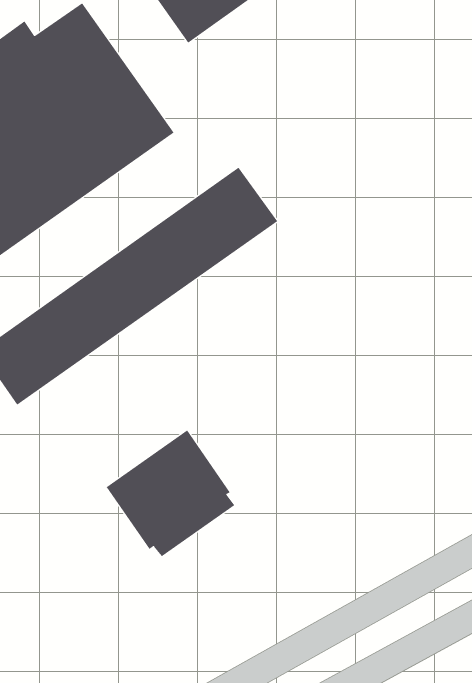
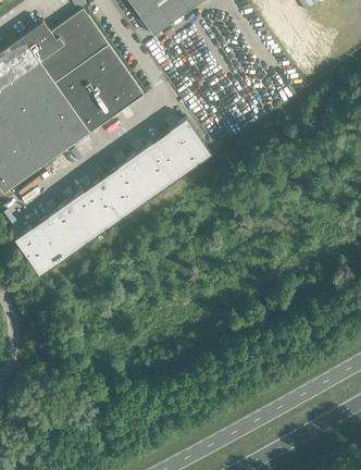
building: [106,430,235,564] -> none

